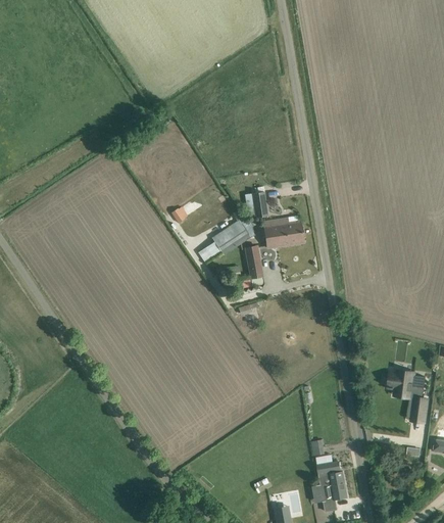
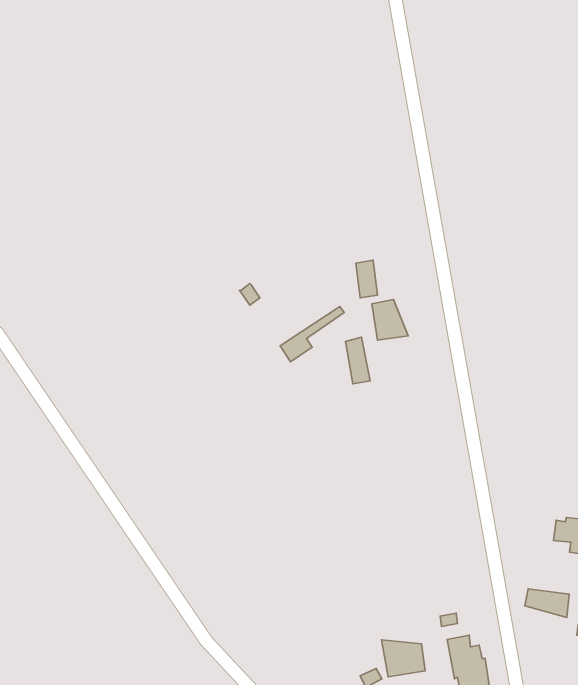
building: [279,218,303,244] -> none
building: none -> [525,589,569,618]
building: none -> [381,640,425,677]

